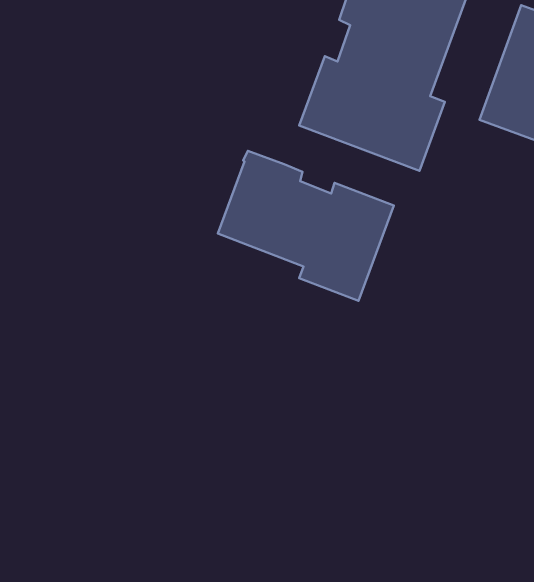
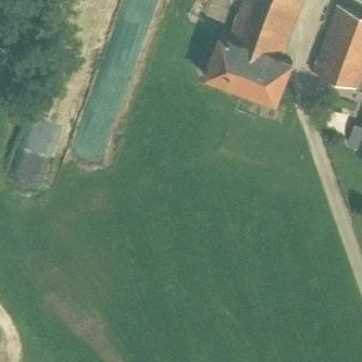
building: [218,151,394,301] -> none

